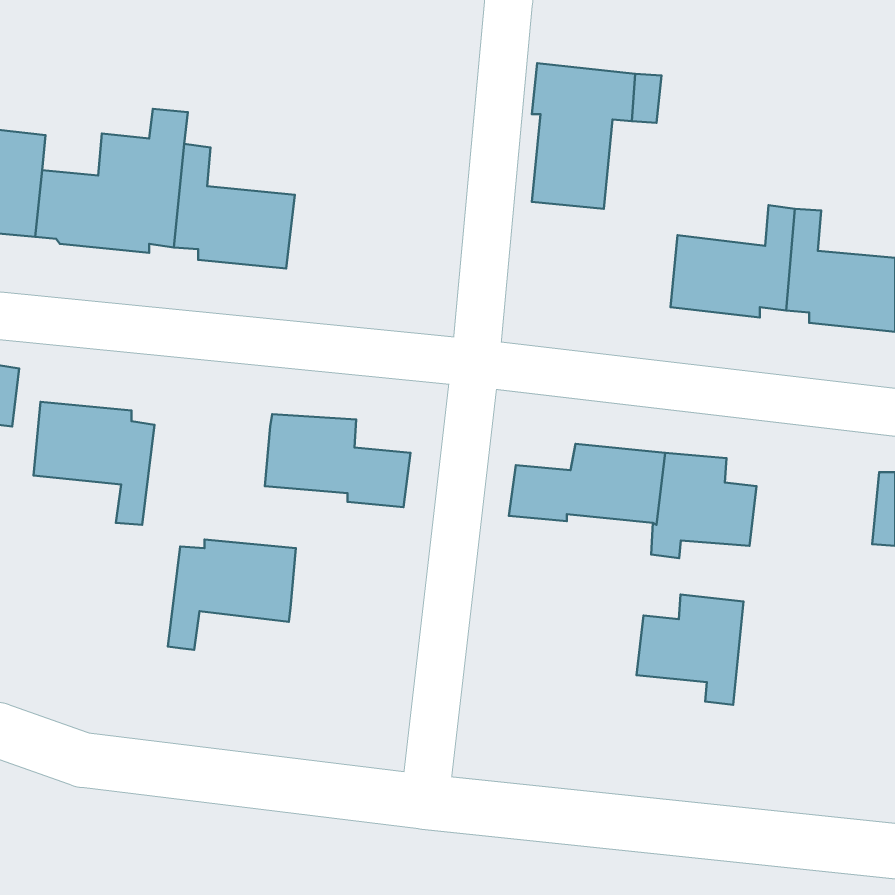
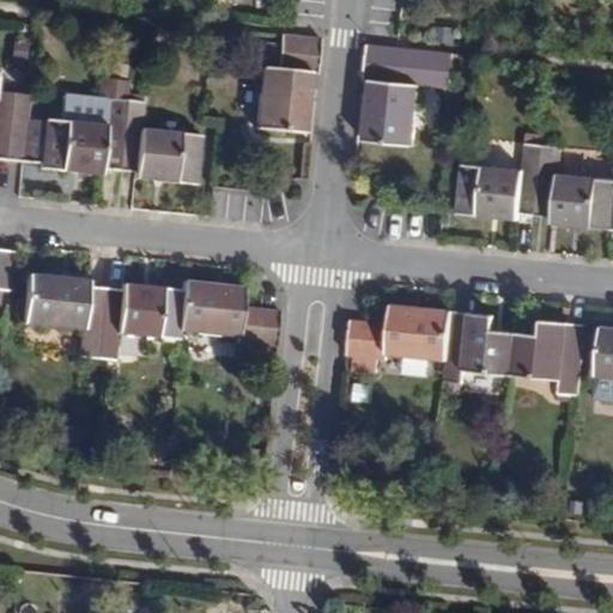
building: none -> [253,35,321,134]
building: [168,539,296,650] -> [97,286,184,362]
building: [637,594,744,705] -> [511,318,584,394]

